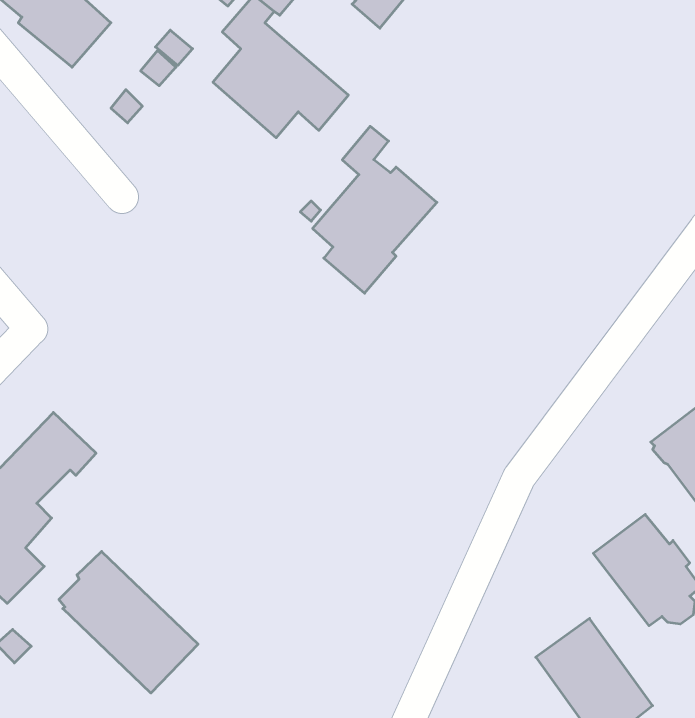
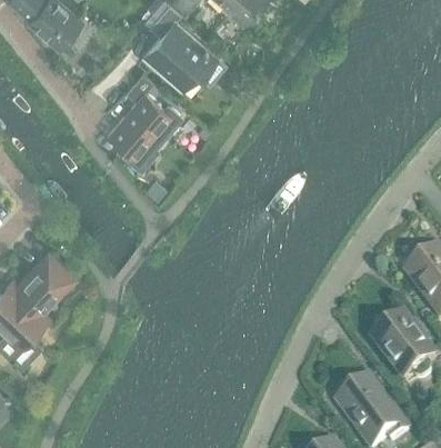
building: [313,126,437,293] -> [108,73,182,173]
building: [59,551,198,693] -> none

